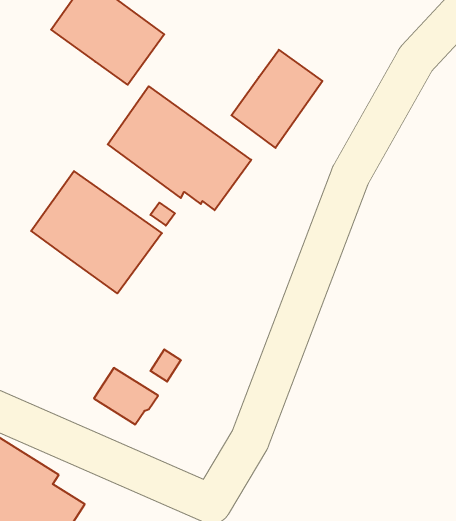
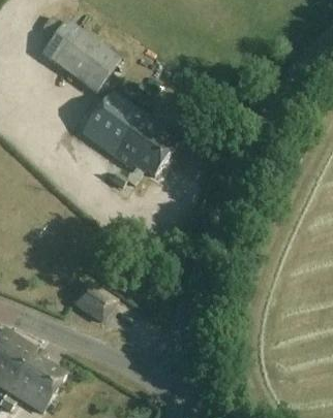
building: [231,50,322,148] -> none
building: [31,171,162,293] -> none

